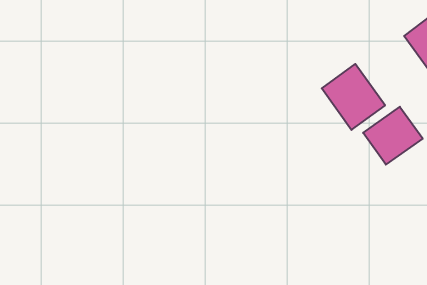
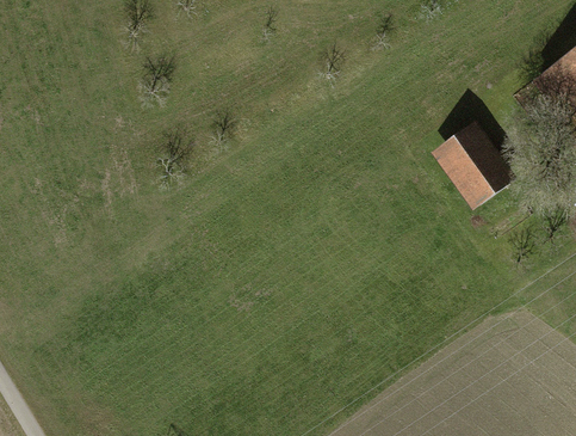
building: [363,107,423,165] -> none

